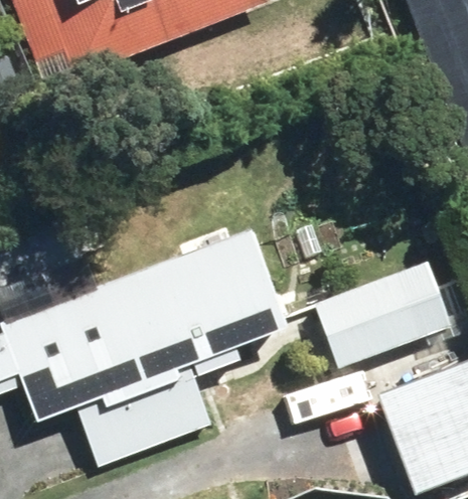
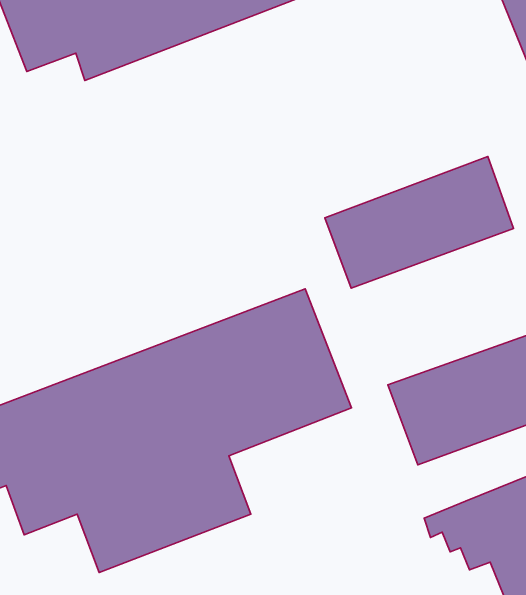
building: none -> [325,157,514,288]

